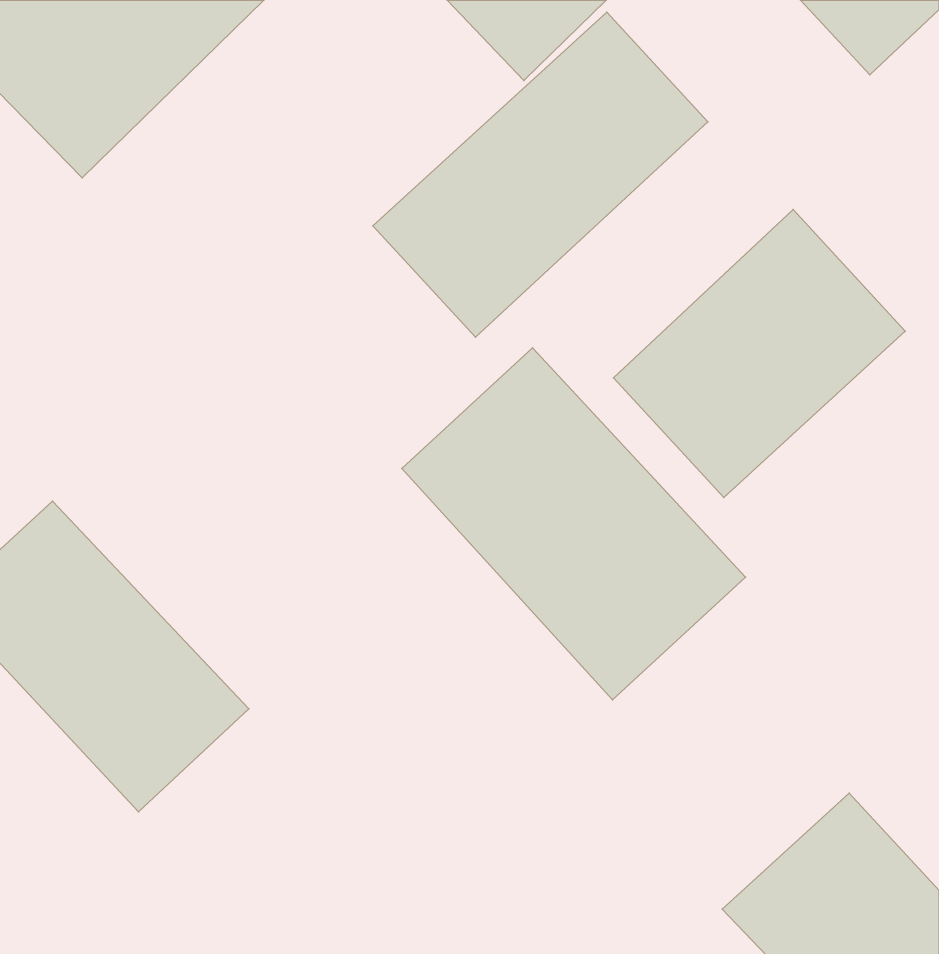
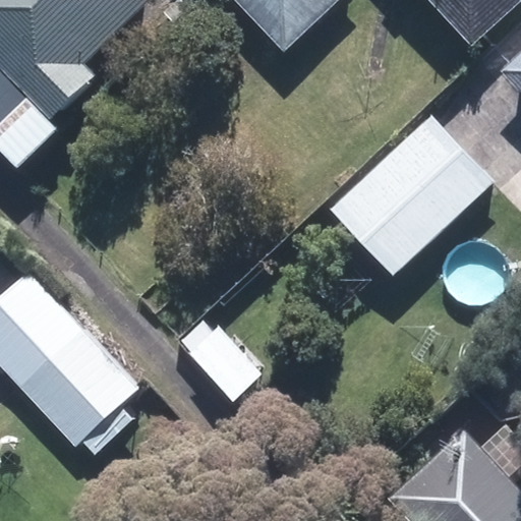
building: [373,12,708,337] -> none
building: [402,348,745,700] -> none

